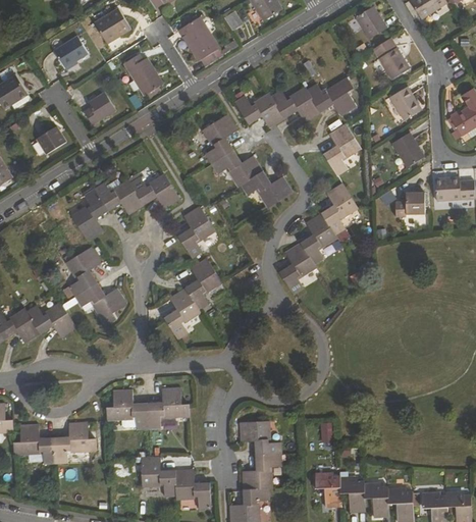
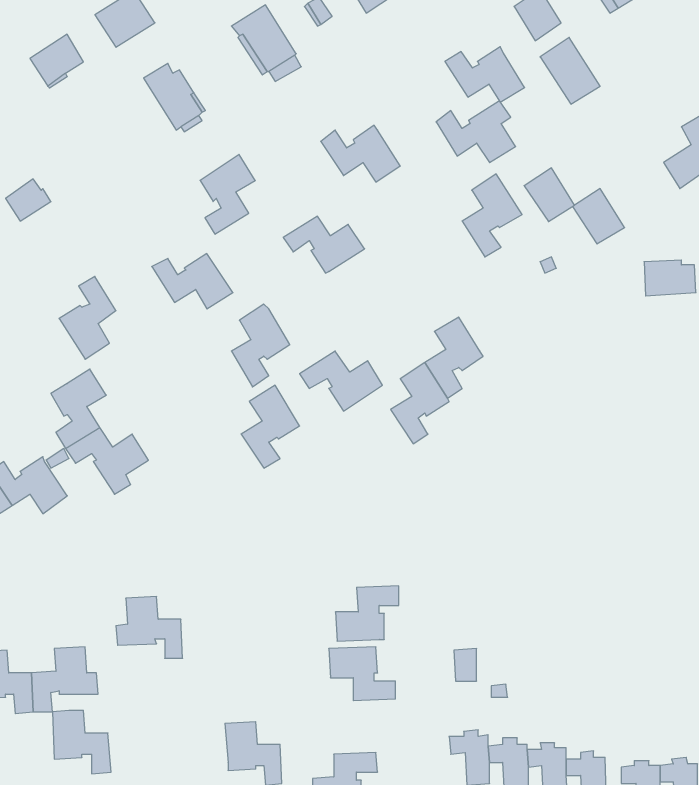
building: [270,87,320,121] -> [445,47,525,102]
building: [389,87,421,120] -> [524,168,574,222]
building: [83,93,115,125] -> none
building: [202,113,236,163] -> [200,154,255,234]
building: [240,170,292,208] -> [300,351,382,411]
building: [93,179,143,214] -> none
building: [321,182,358,234] -> none
building: [395,191,425,217] -> none
building: [164,286,201,338] -> none
building: [147,386,189,427] -> none
building: [242,453,281,487] -> [335,586,399,641]
building: [140,454,176,493] -> [53,710,111,774]

